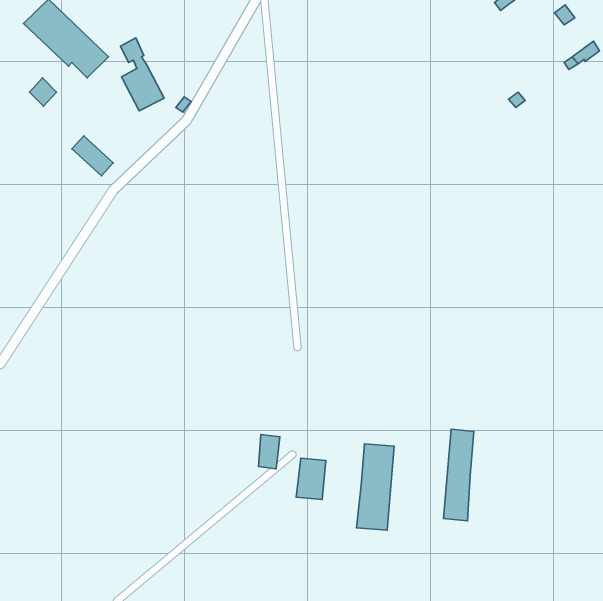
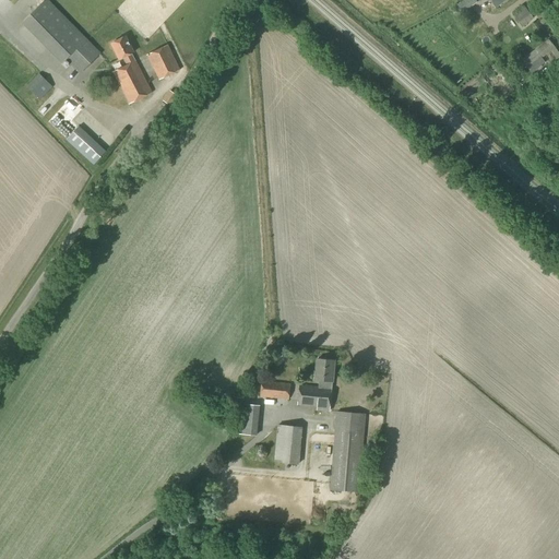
building: none -> [147,44,179,79]
building: none -> [297,357,334,409]
building: none -> [260,380,290,397]
building: [443,429,474,521] -> none

